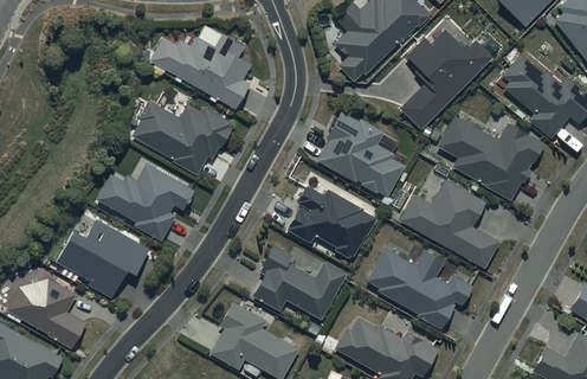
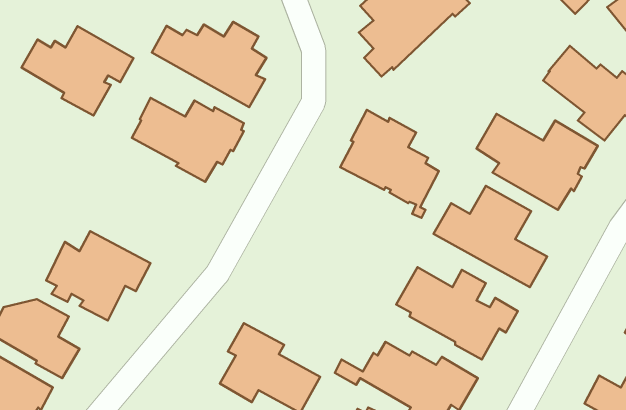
building: [401,28,492,129] -> none
building: [97,162,196,242] -> [21,26,134,116]
building: [286,186,378,258] -> none
building: [252,245,347,320] -> none

